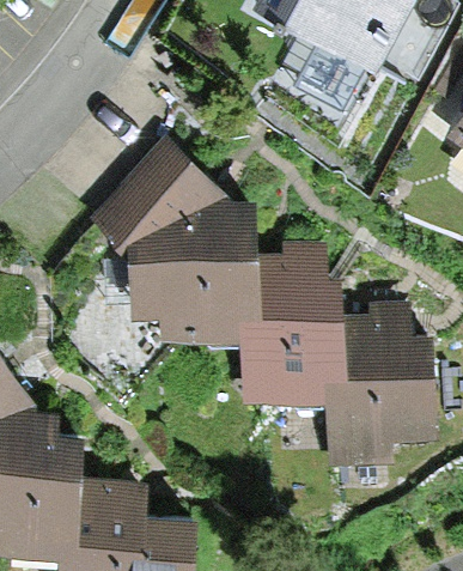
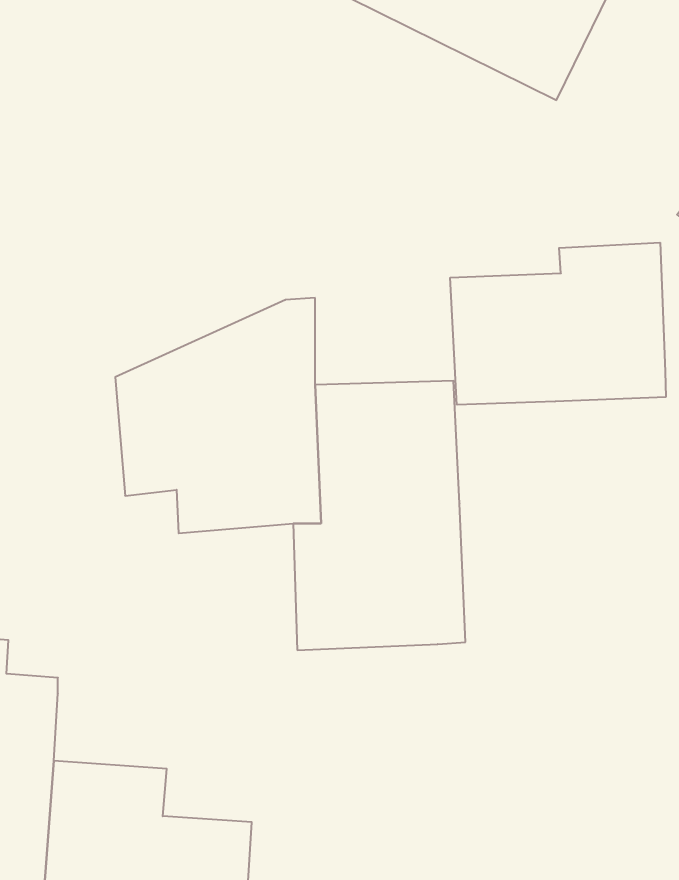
building: [87,139,221,243] -> none
building: none -> [450,243,666,405]
building: [313,315,425,468] -> none

